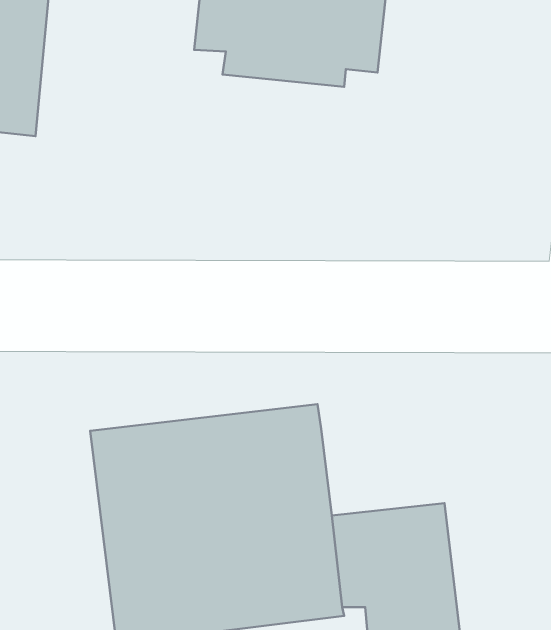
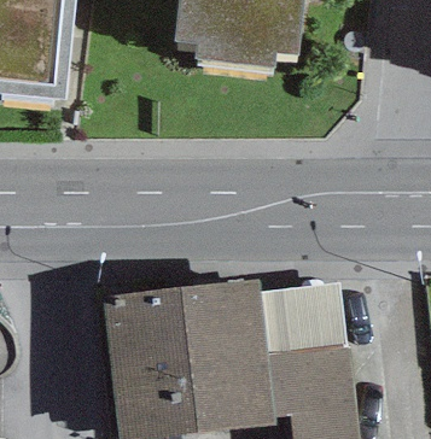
building: none -> [262,285,346,353]

